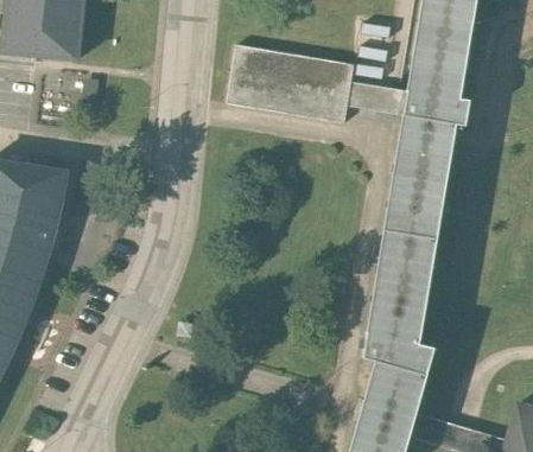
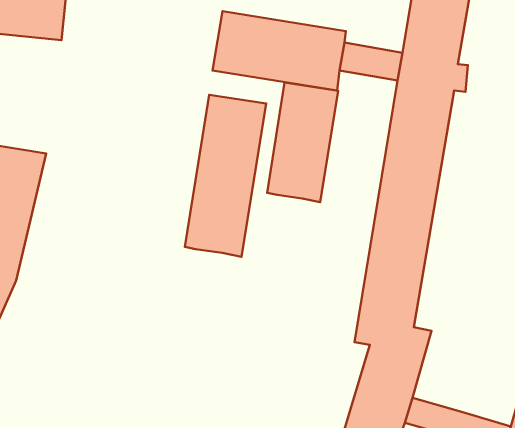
building: none -> [267,82,338,202]
building: none -> [185,95,266,257]

